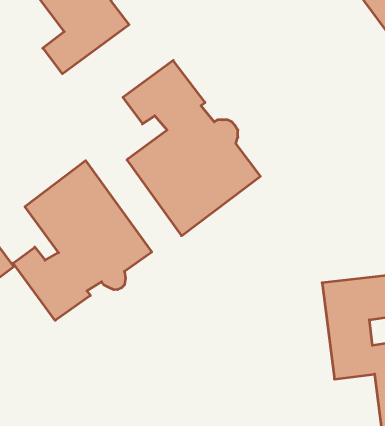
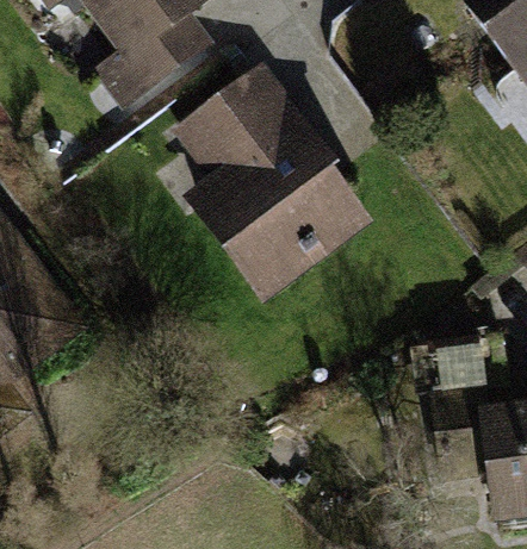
building: [13,161,152,320] -> none

